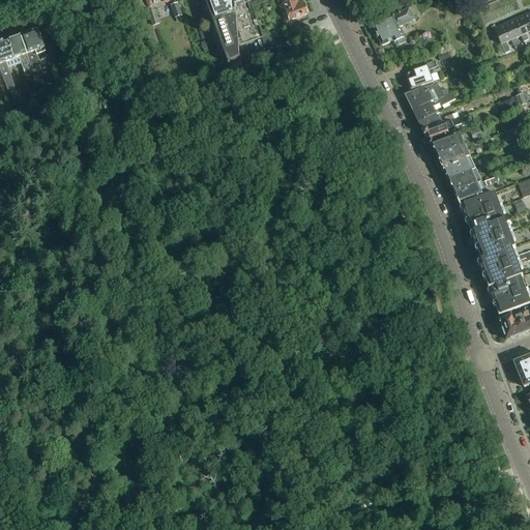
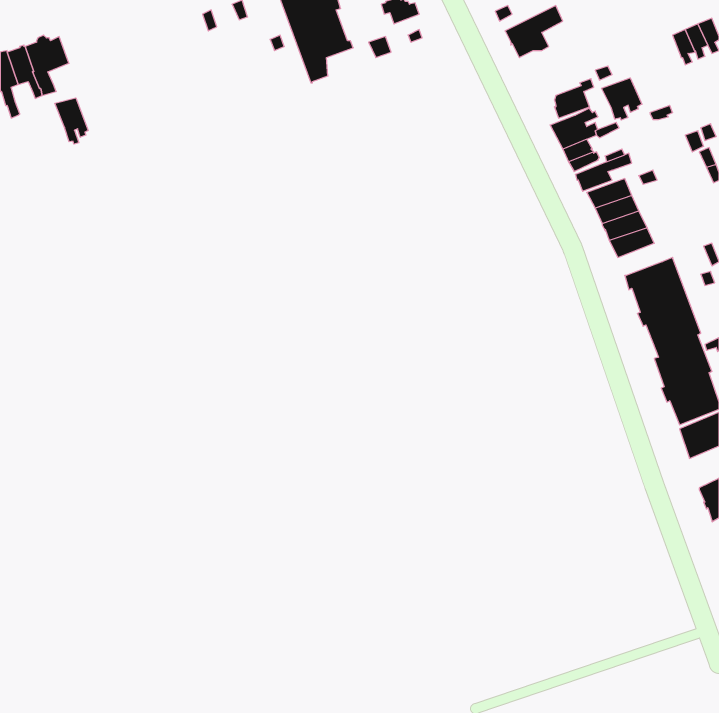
building: none -> [602,78,642,120]
building: none -> [55,98,88,144]
building: [454,179,488,203] -> none

